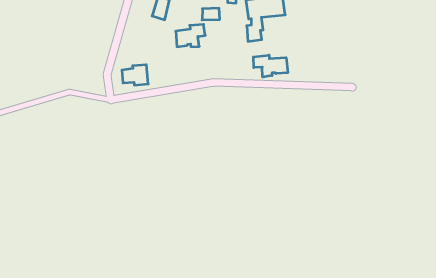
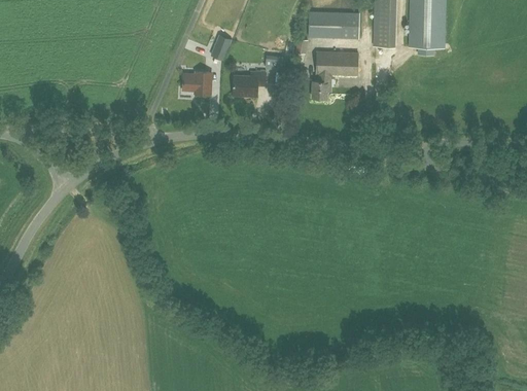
building: [253,55,288,77] -> none
building: [122,65,148,85] -> [181,71,210,94]

